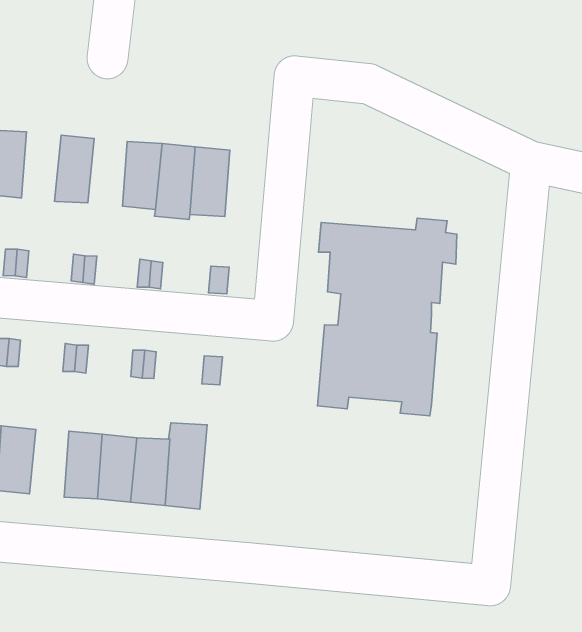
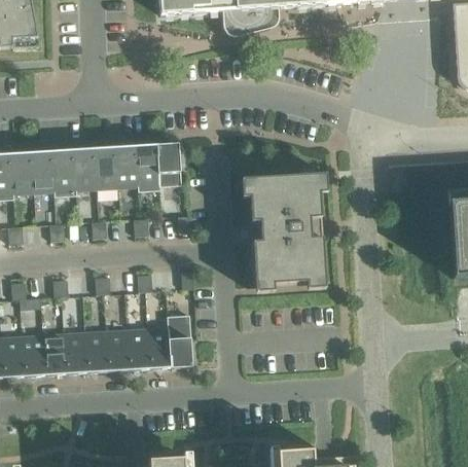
building: none -> [51,148,76,195]
building: none -> [94,146,117,187]
building: none -> [84,329,108,371]

